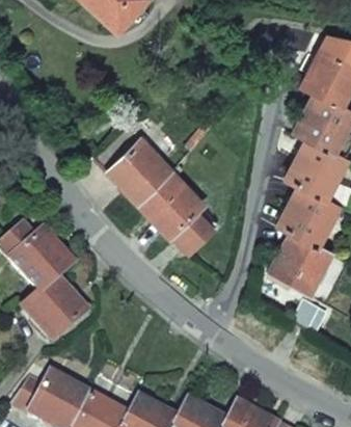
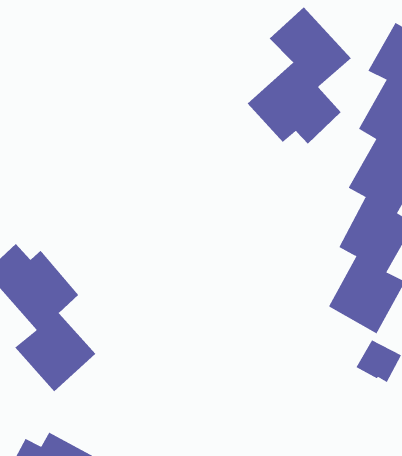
building: none -> [247,7,352,144]
building: [98,126,221,252] -> none

